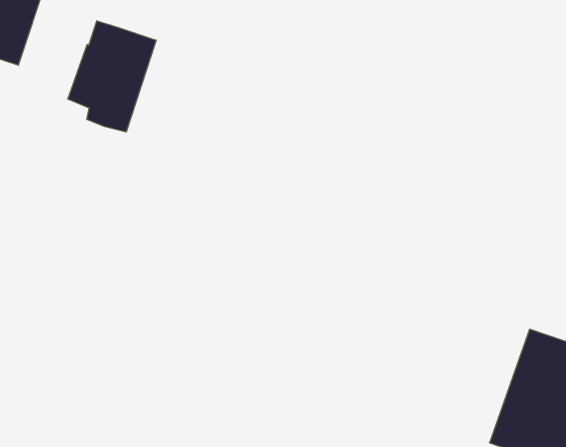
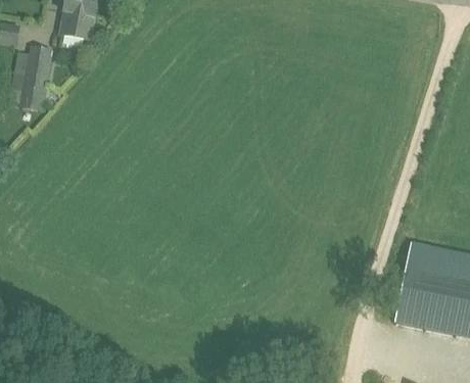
building: [68,21,156,132] -> none

